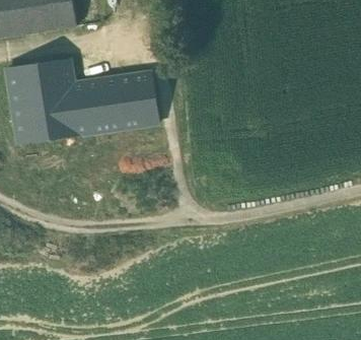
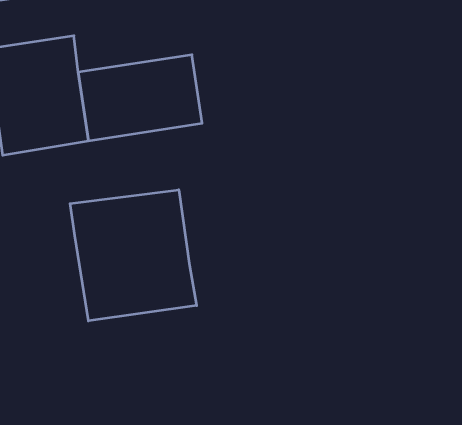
building: none -> [70,190,197,321]

